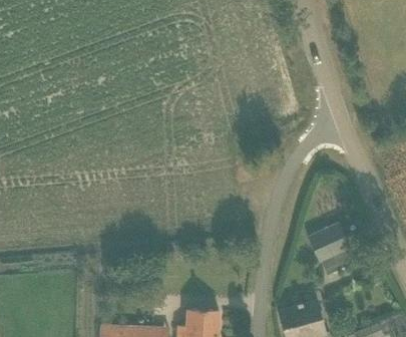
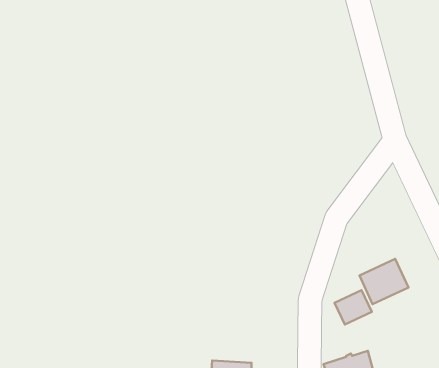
building: none -> [335,290,372,324]

